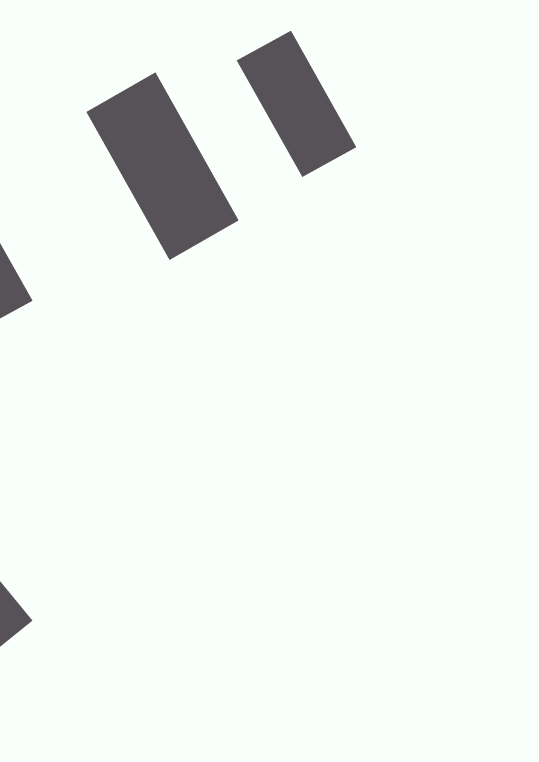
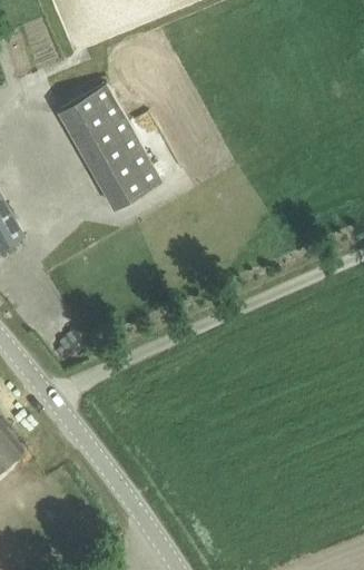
building: [236,30,357,178] -> none

